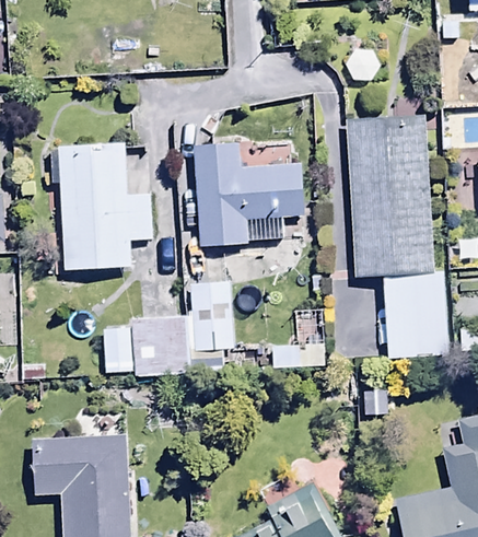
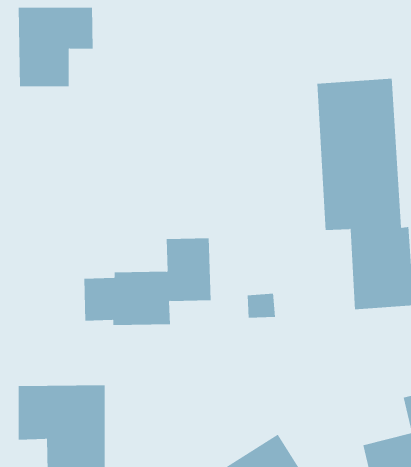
building: none -> [18,7,93,87]
building: [60,144,152,271] -> none
building: [194,145,302,248] -> none

